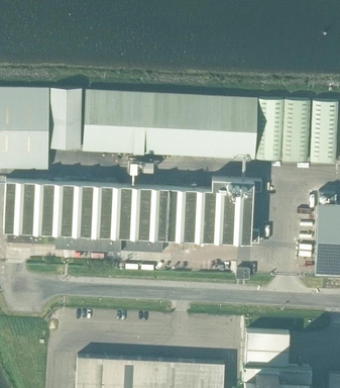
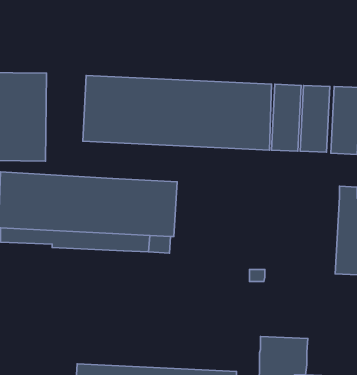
building: [50,89,82,150] -> none
building: [166,179,262,244] -> none

